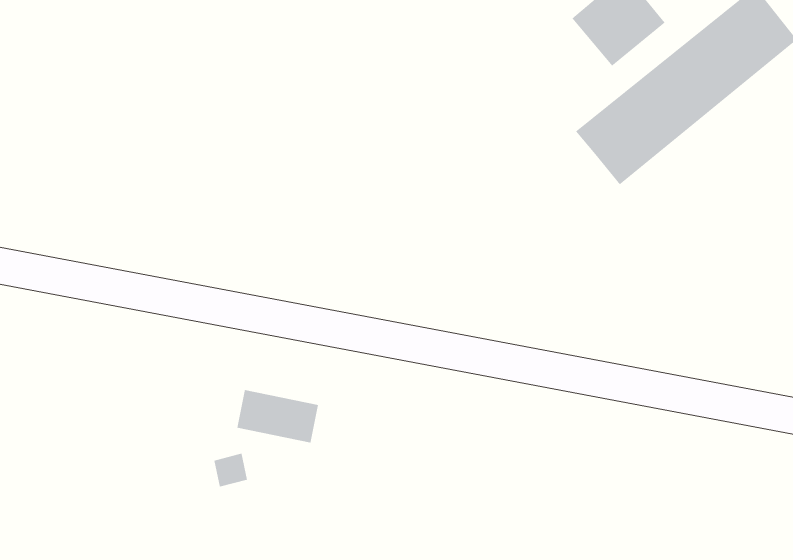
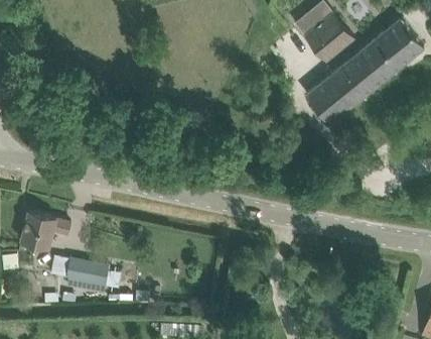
building: none -> [20,212,70,249]
building: [237,390,319,443] -> [65,258,109,287]

